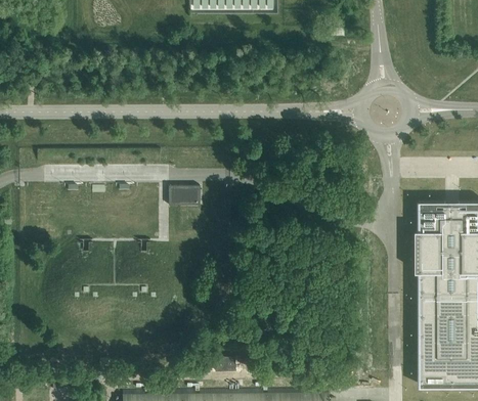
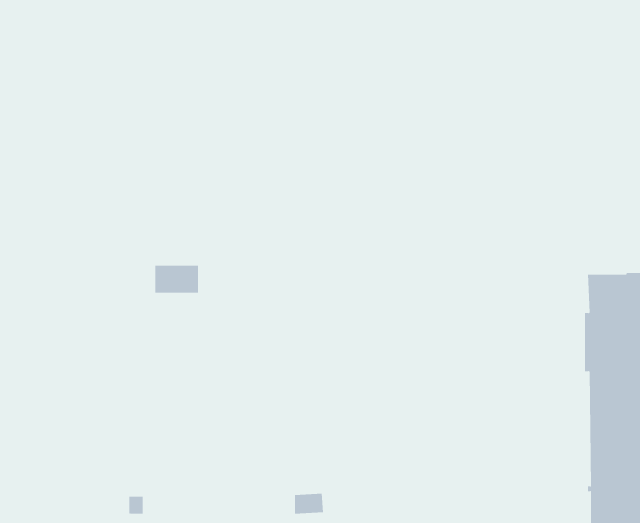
building: [168,187,199,207] -> [155,265,199,293]

